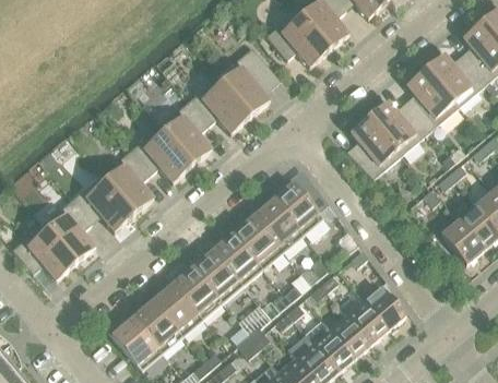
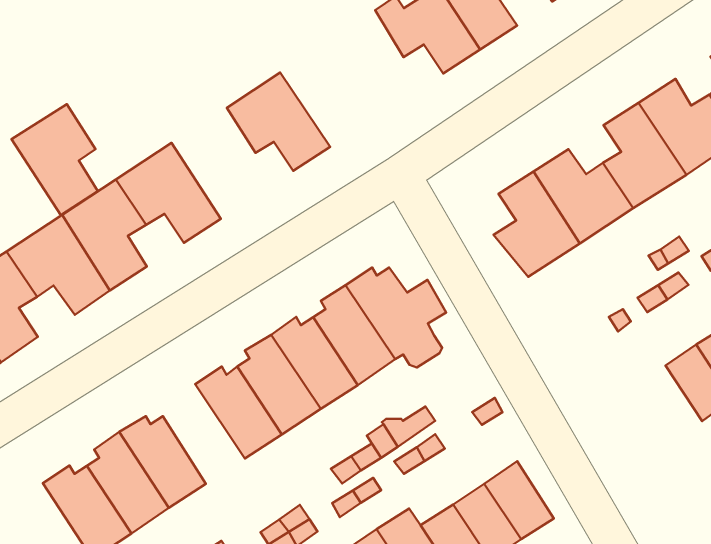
building: [215,48,278,118] -> none
building: [157,103,211,167] -> [11,104,98,215]
building: [440,220,483,265] -> none
building: [171,264,222,321] -> none

